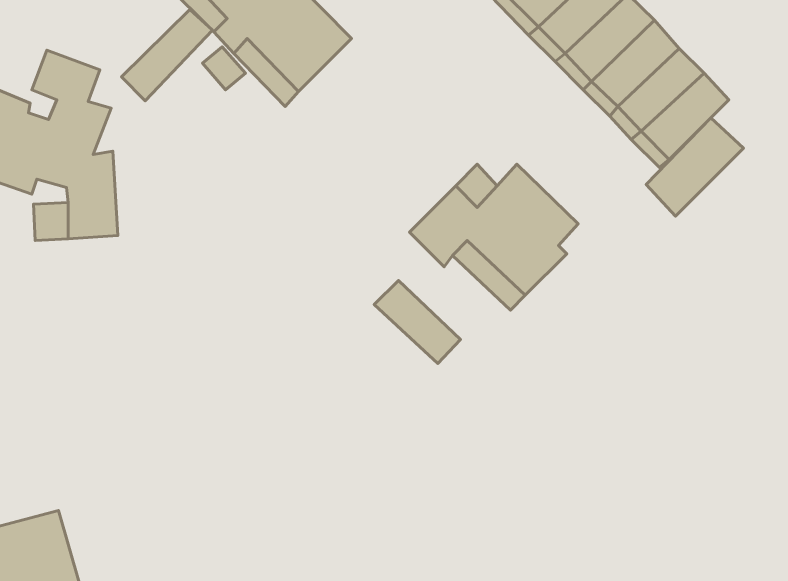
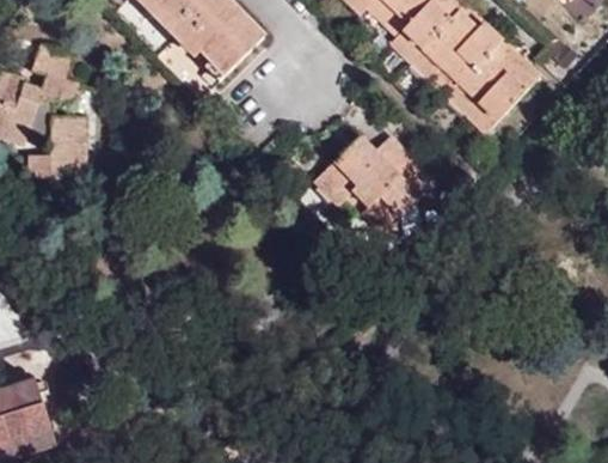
building: [122,9,212,101] -> none
building: [646,118,744,216] -> none
building: [374,280,460,363] -> none

